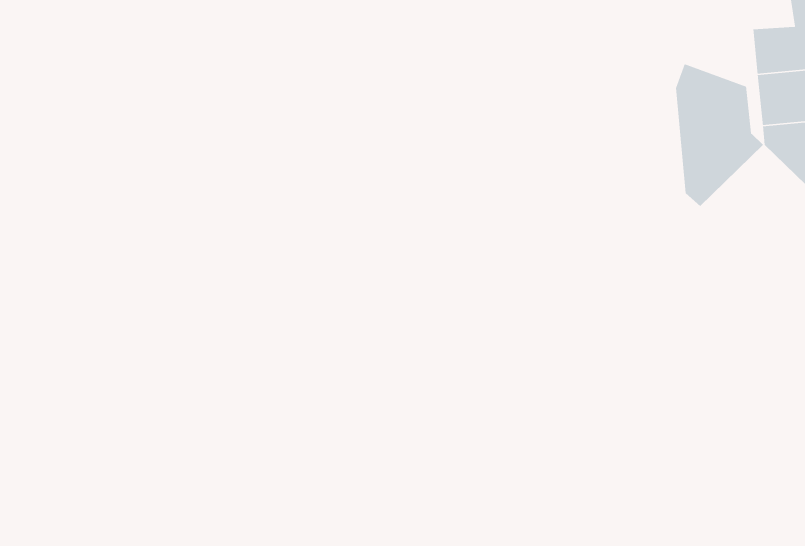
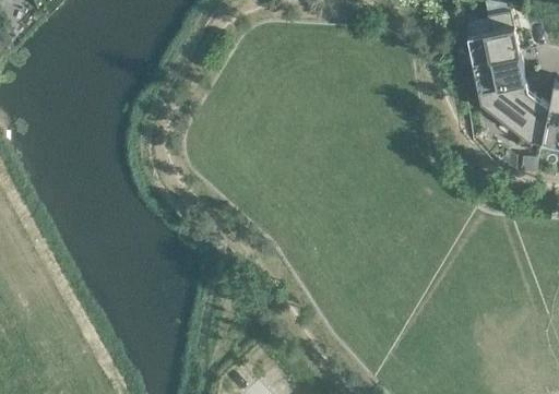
building: [675,63,764,207] -> none

